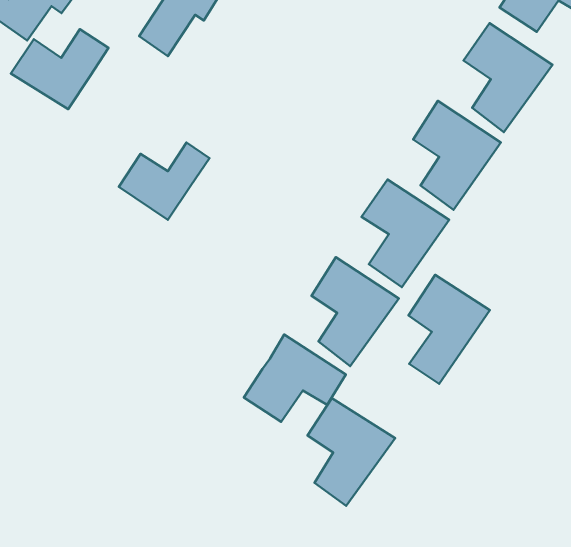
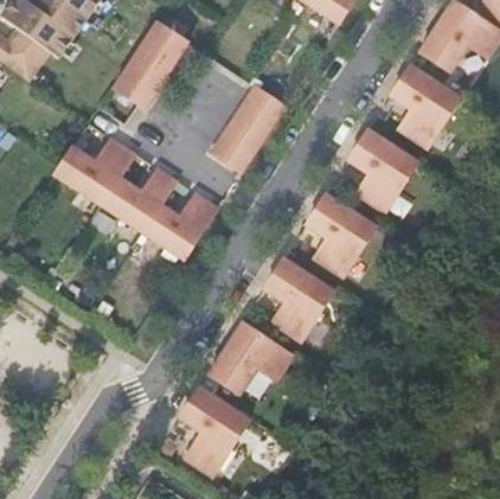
building: [11,29,108,109] -> [57,134,137,200]
building: none -> [213,82,287,167]
building: none -> [145,188,220,255]
building: [408,275,490,384] -> none
building: [307,398,395,506] -> [179,388,251,476]

